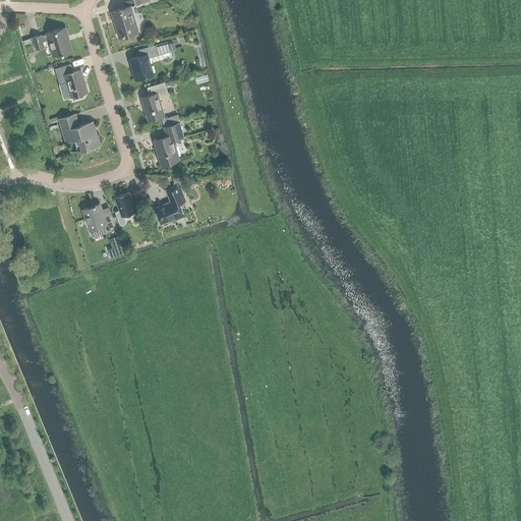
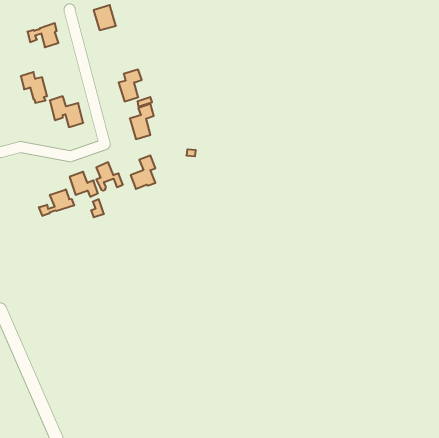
building: [129,43,170,80] -> none
building: [55,65,86,102] -> [21,72,47,103]
building: none -> [39,189,74,216]

